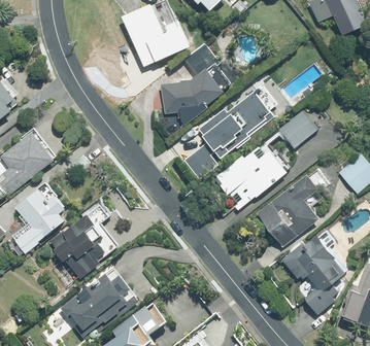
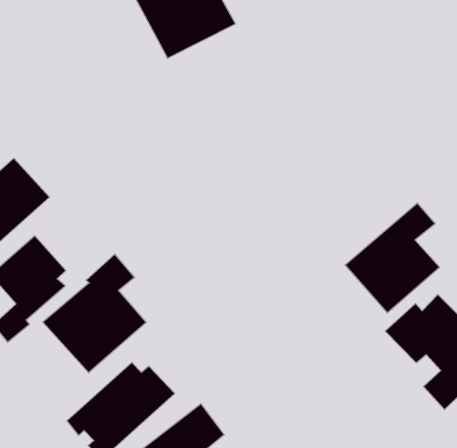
building: [159,44,224,123] -> none
building: [183,91,274,180] -> none
building: [280,111,317,147] -> none
building: [212,145,291,210] -> none

